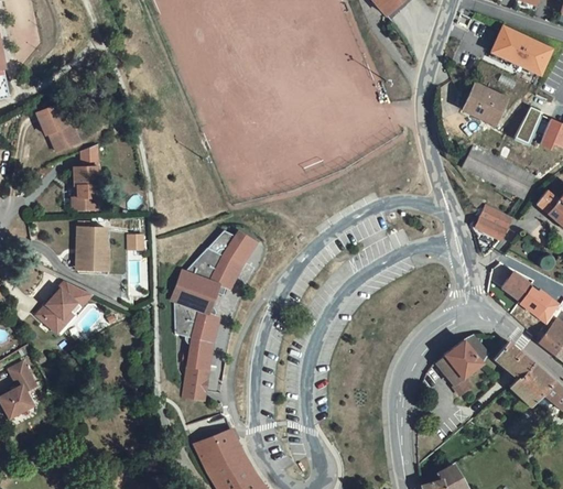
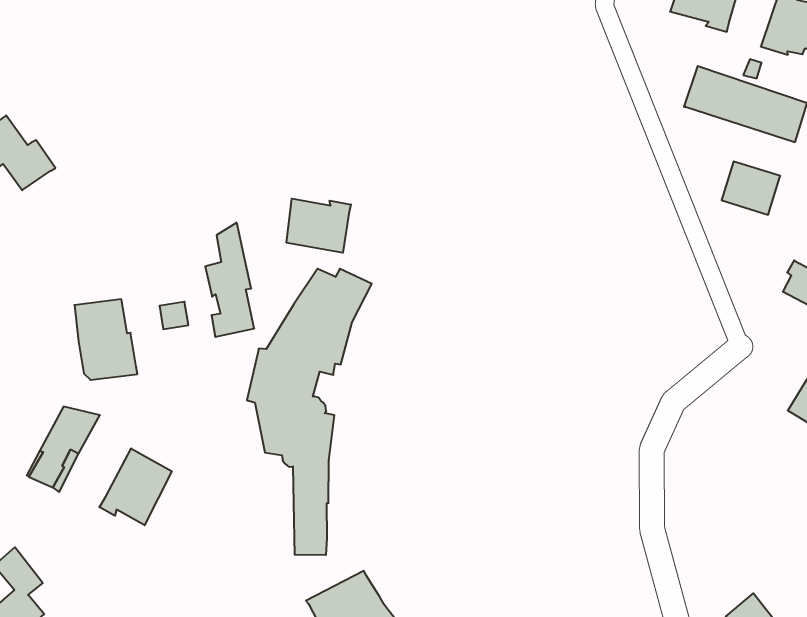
building: [72,144,98,210] -> [205,223,254,337]
building: none -> [287,199,351,253]
building: none -> [99,448,172,525]
building: [435,335,488,393] -> none

